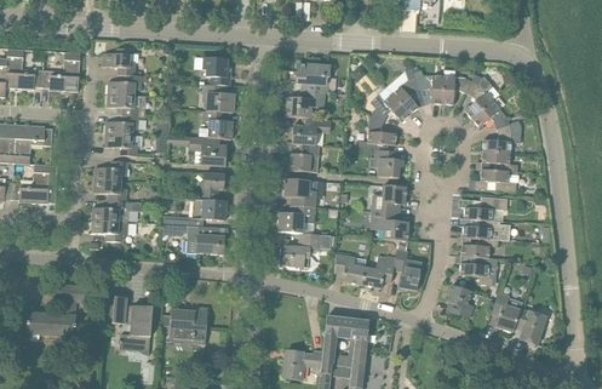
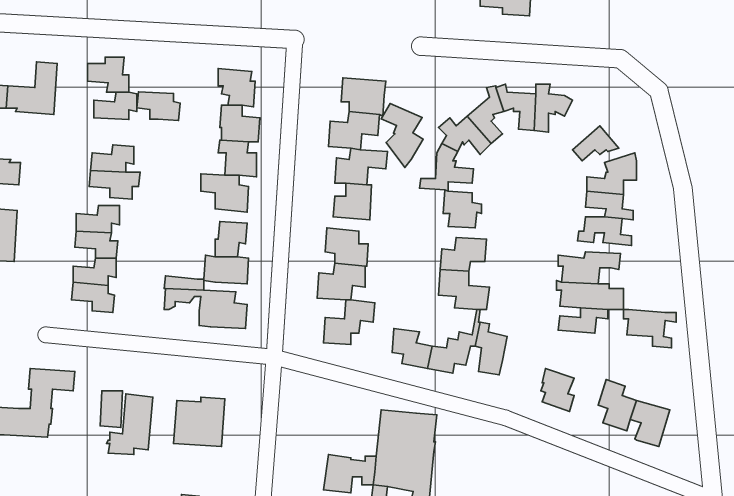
building: [464,74,492,119] -> none
building: none -> [381,103,423,167]
building: [107,95,139,116] -> [137,92,180,121]
building: [457,256,497,285] -> [624,309,676,348]

